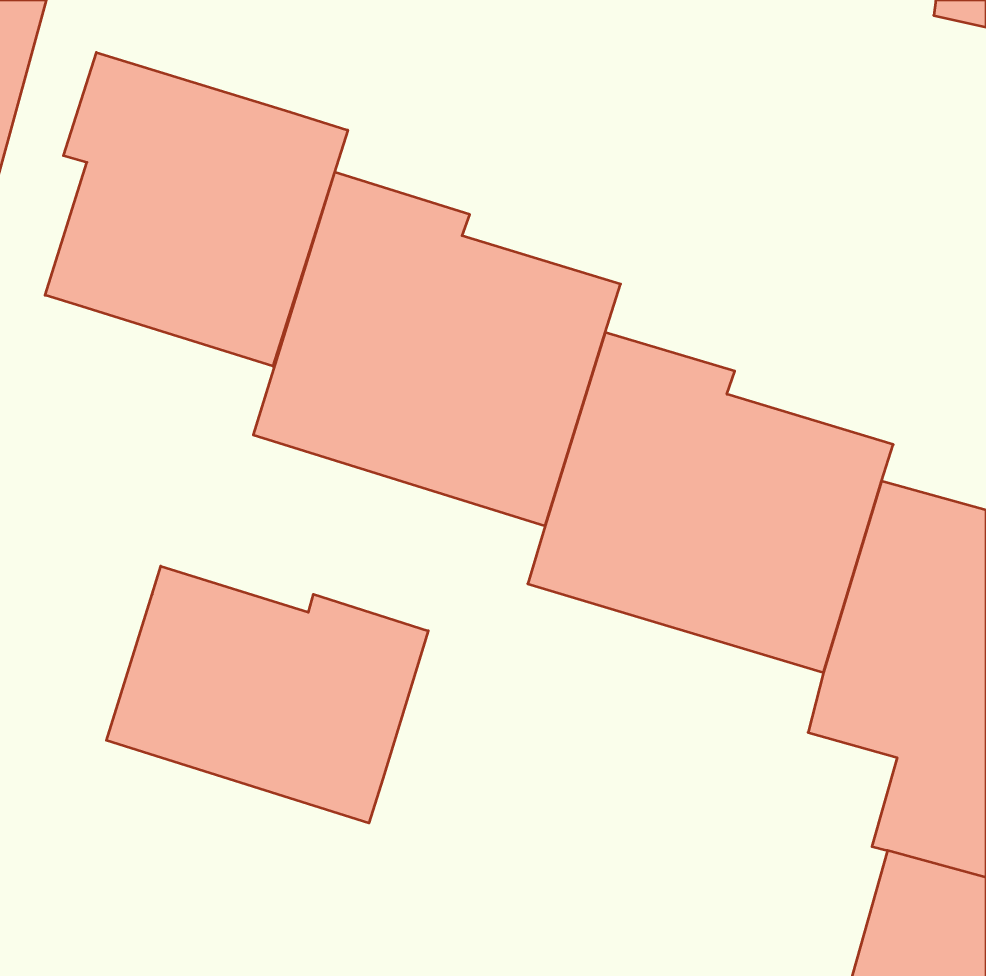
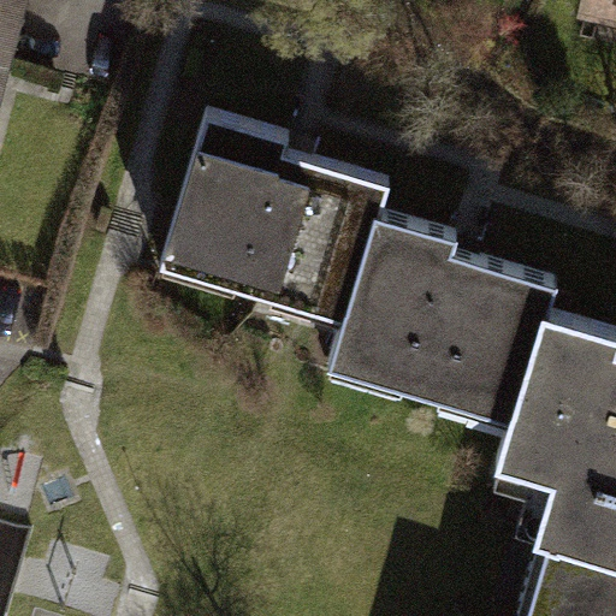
building: [45,52,348,366] -> none
building: [106,566,428,823] -> none

